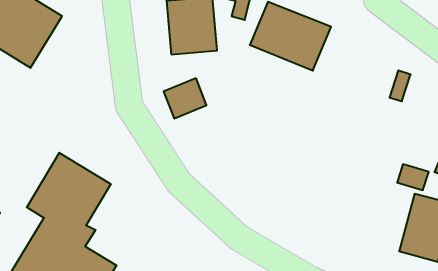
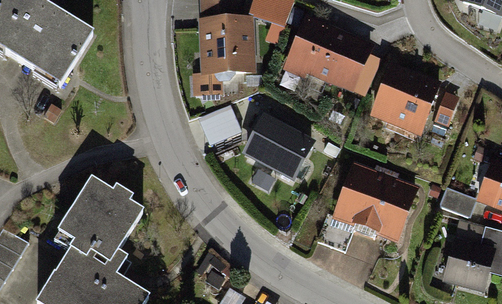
building: none -> [376,65,439,128]
building: none -> [240,109,316,179]
building: none -> [337,169,412,241]

